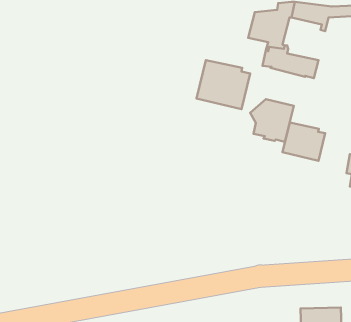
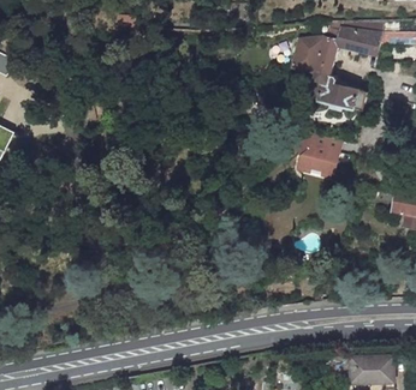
building: [197,60,250,109] -> none
building: [282,123,325,161] -> none

